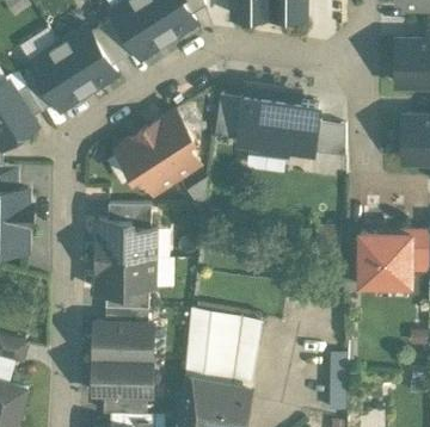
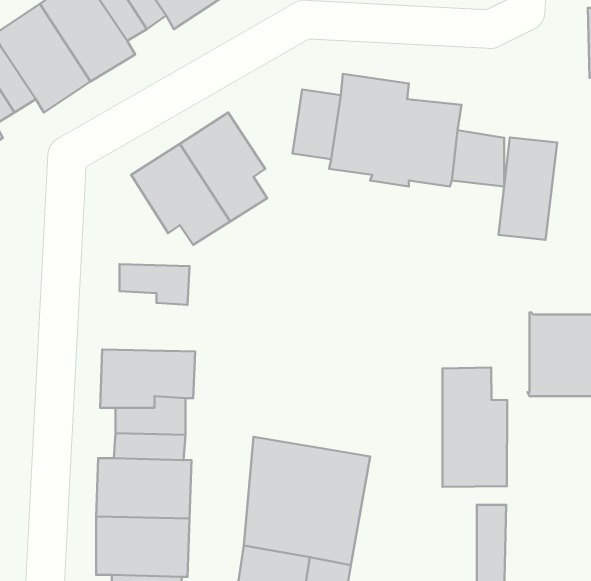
building: none -> [498,137,557,240]
building: [98,219,155,256] -> none
building: none -> [442,368,507,487]

